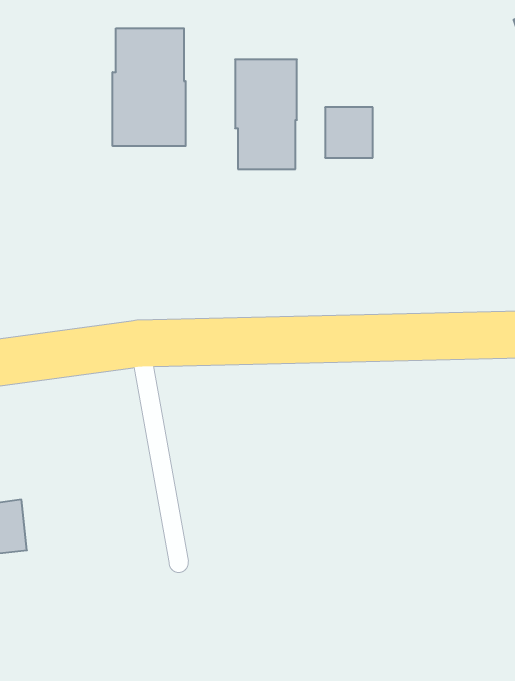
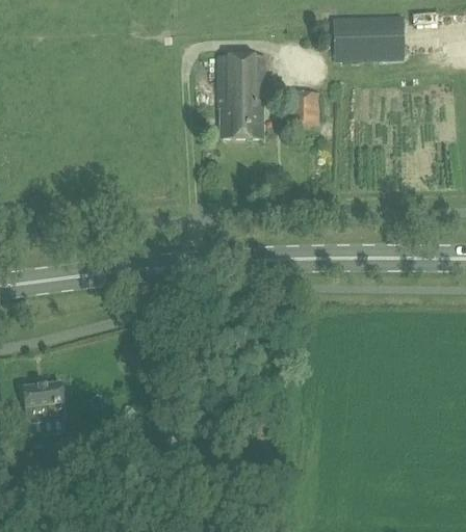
building: none -> [333,16,403,59]
building: [113,28,186,146] -> none

